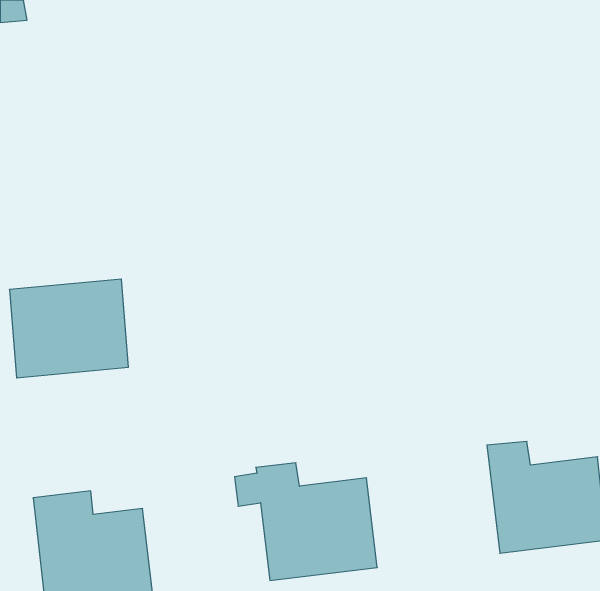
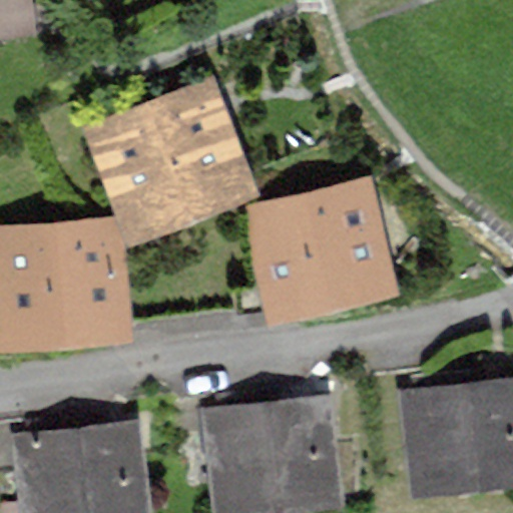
building: none -> [109,110,232,221]
building: none -> [264,205,374,301]

